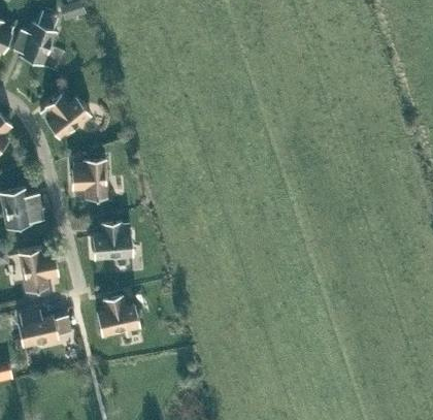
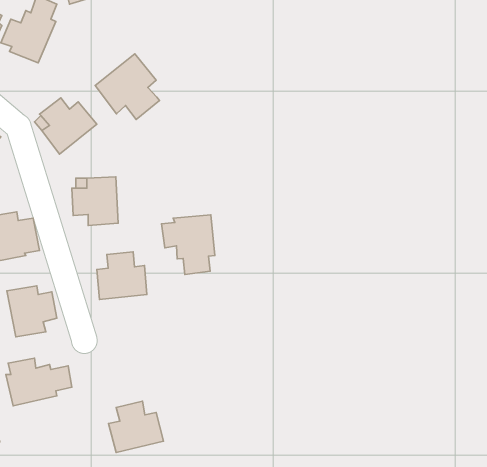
building: none -> [95,54,160,120]
building: none -> [161,215,215,275]
building: [95,295,140,337] -> [109,401,164,452]

